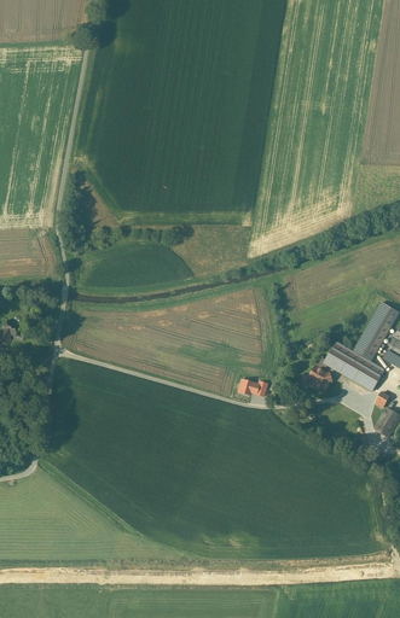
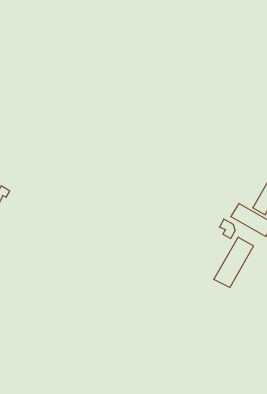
building: none -> [214,237,253,288]

